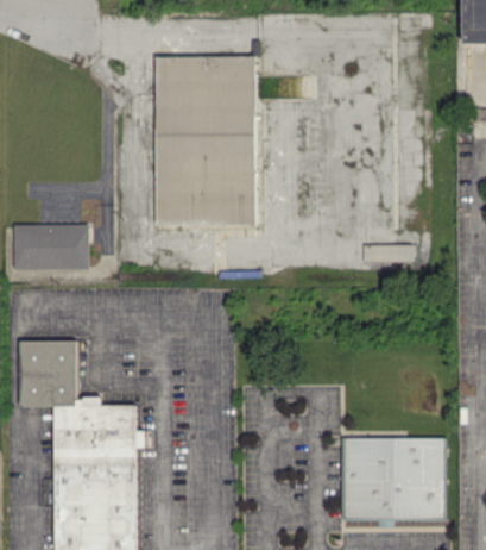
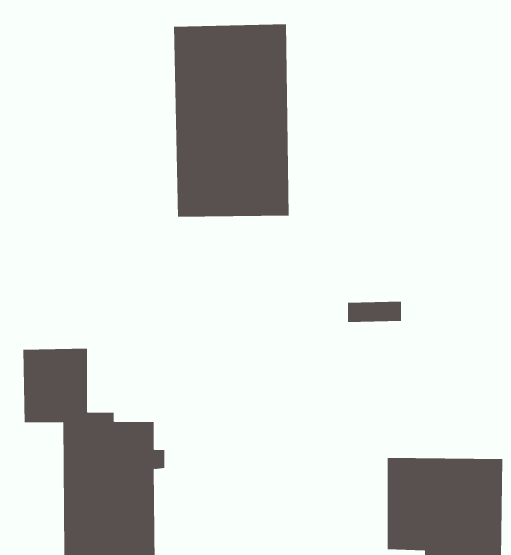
building: [13,221,90,268] -> none
building: [364,244,412,263] -> [347,301,402,322]

